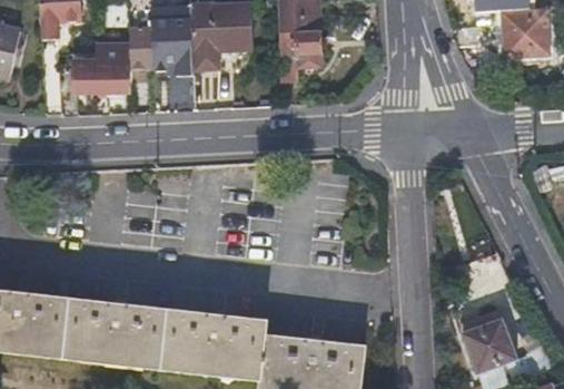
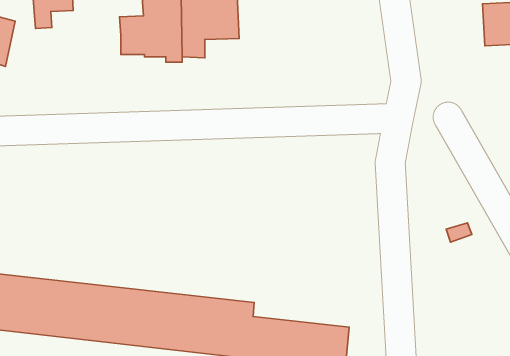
building: [279,18,323,80] -> none
building: [73,45,130,91] -> none
building: [463,318,515,371] -> none

